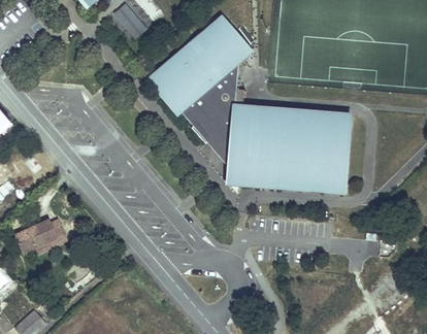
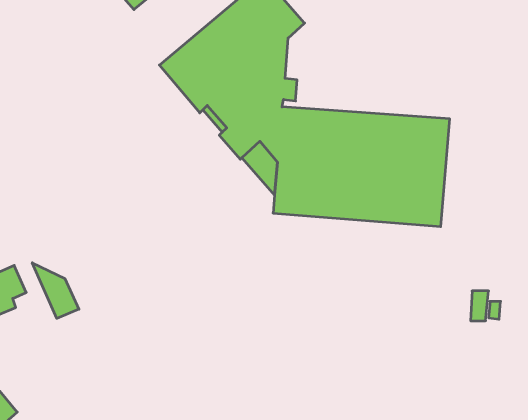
building: none -> [32,263,79,318]

